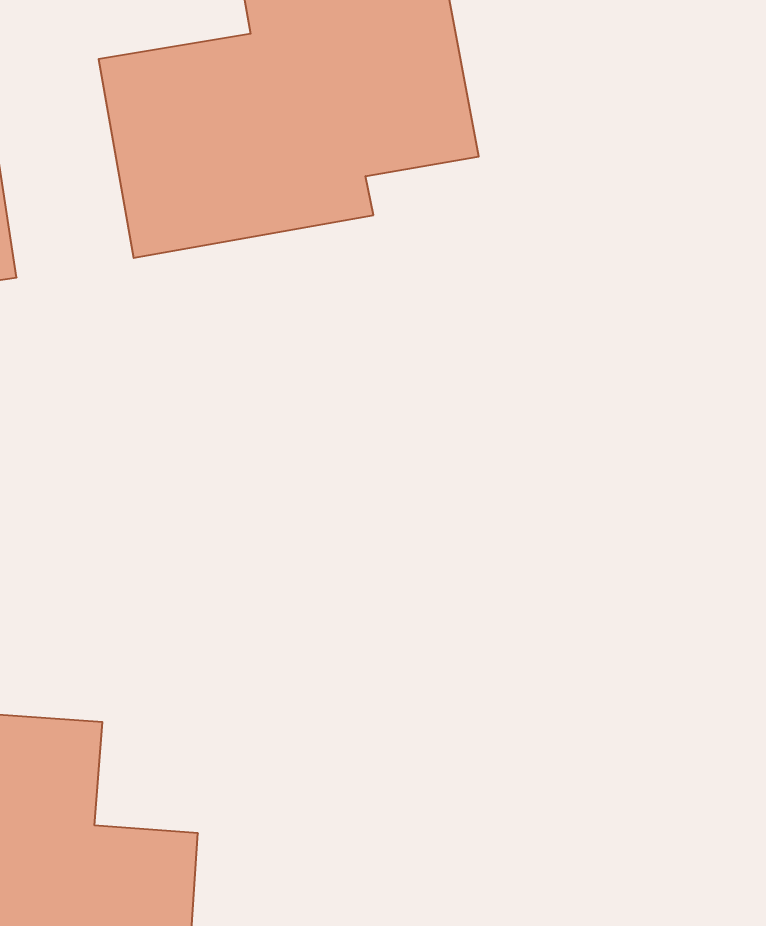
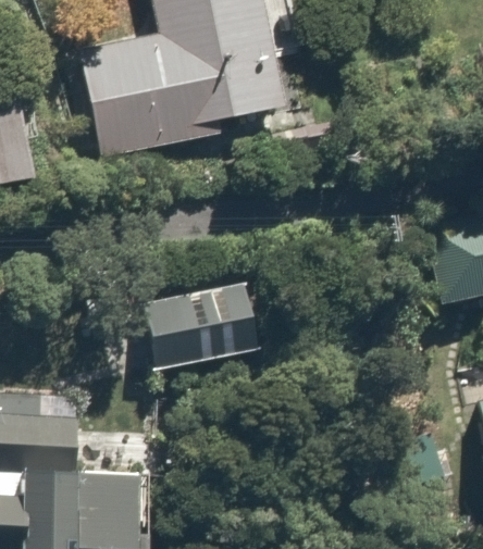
building: none -> [136,265,253,367]

